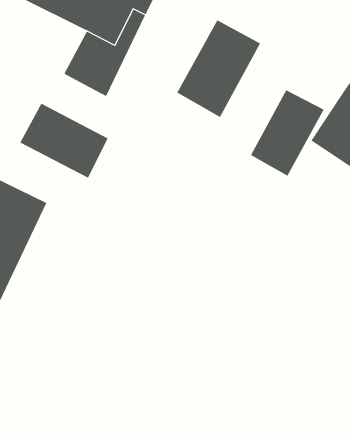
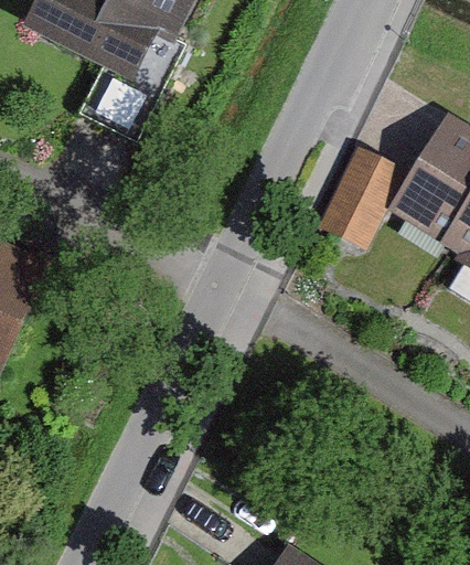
building: [177,20,261,118] -> none
building: [19,103,108,179] -> none

